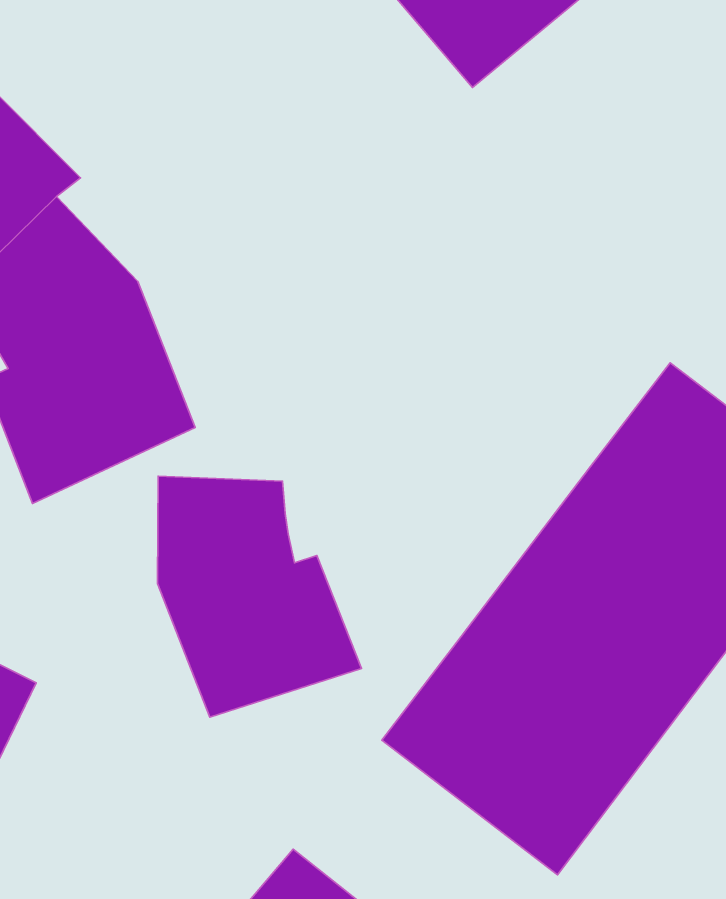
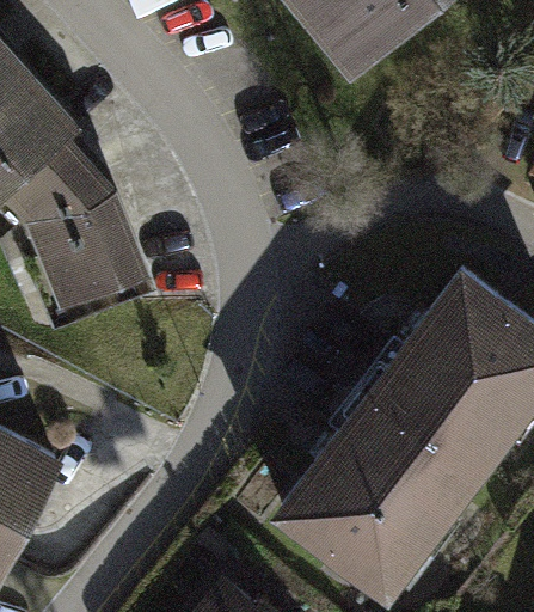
building: [158,476,362,717] -> none

